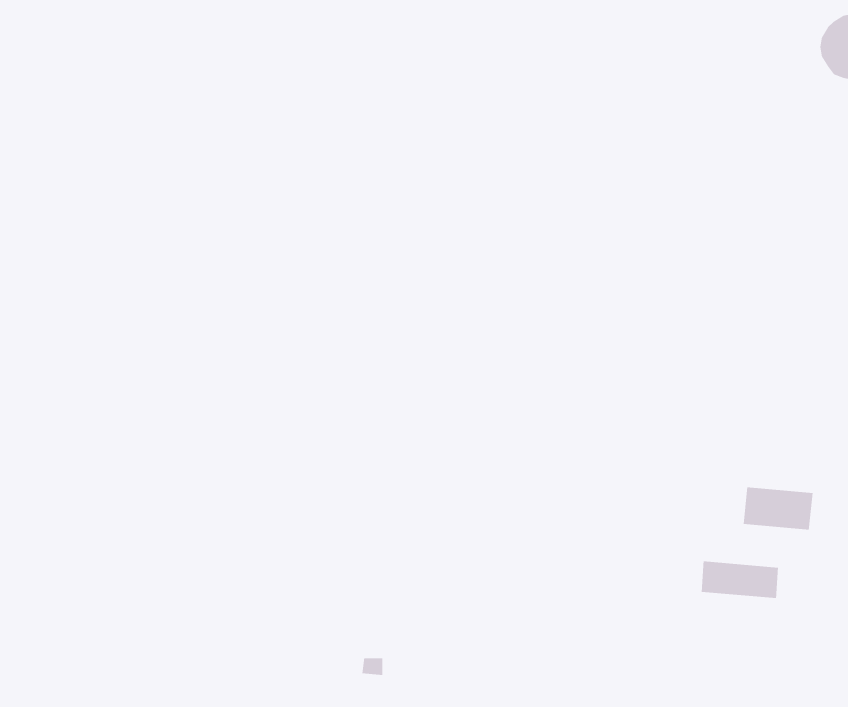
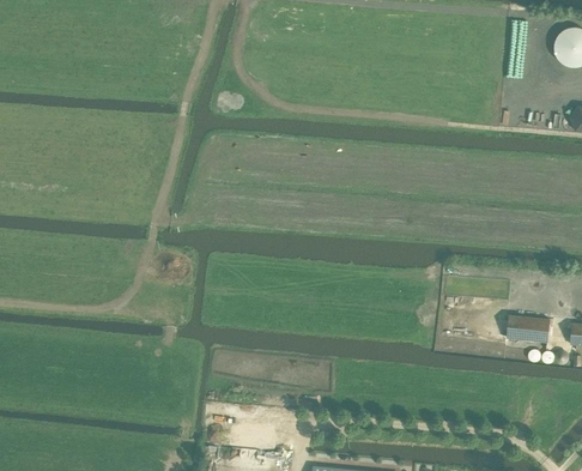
building: [701,560,779,599] -> none

